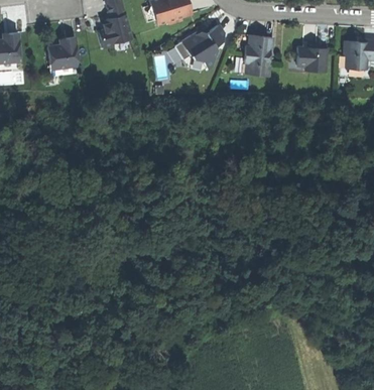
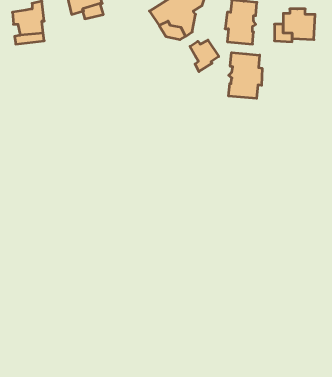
building: none -> [190,40,219,72]
building: none -> [229,53,262,98]

